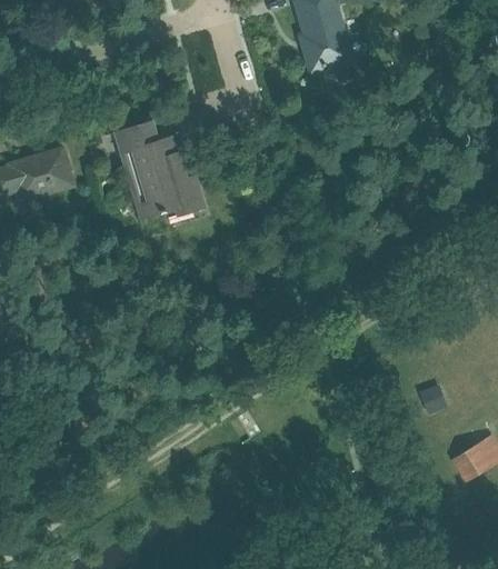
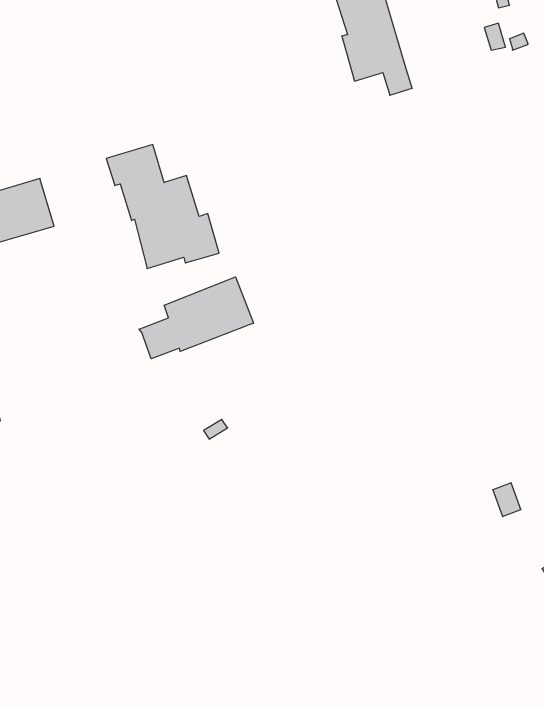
building: none -> [139,277,253,359]

